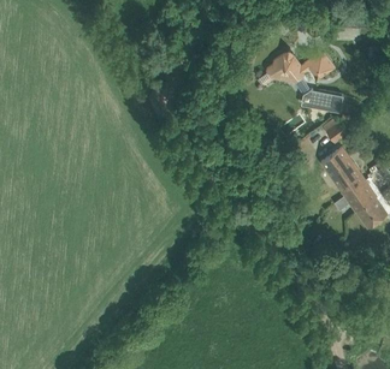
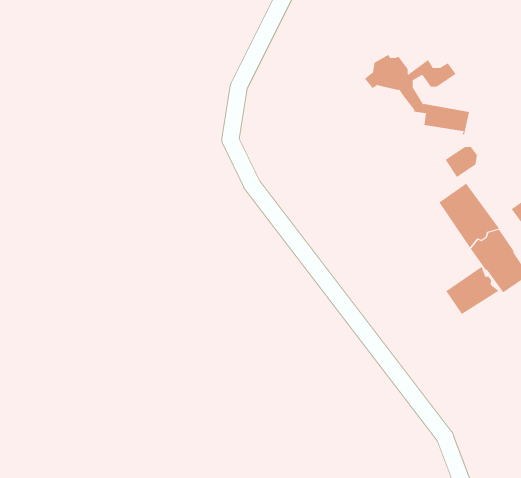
building: none -> [446,266,499,315]

